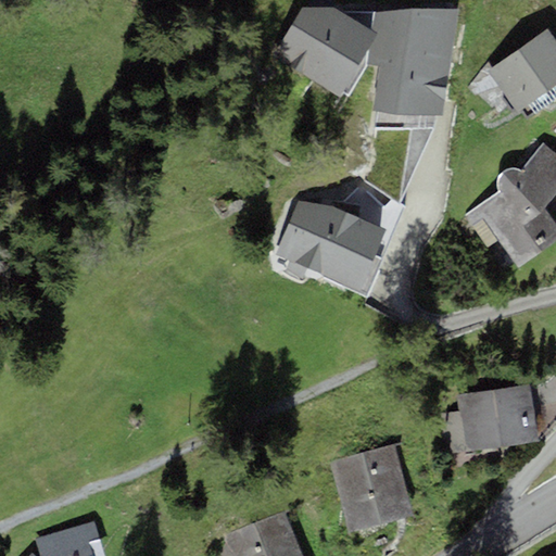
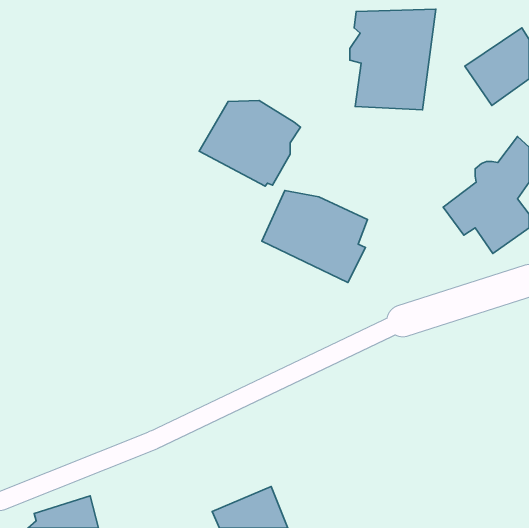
building: [271,7,378,97] -> [199,100,301,186]
building: [439,383,538,454] -> none
building: [328,444,412,530] -> none

